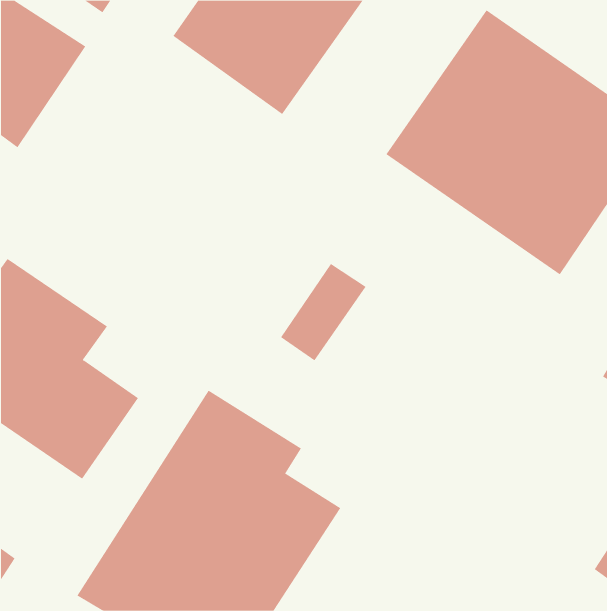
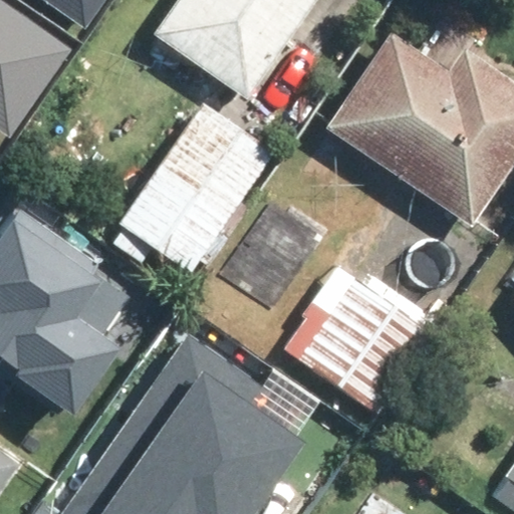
building: none -> [121,107,271,270]
building: none -> [300,279,434,414]

